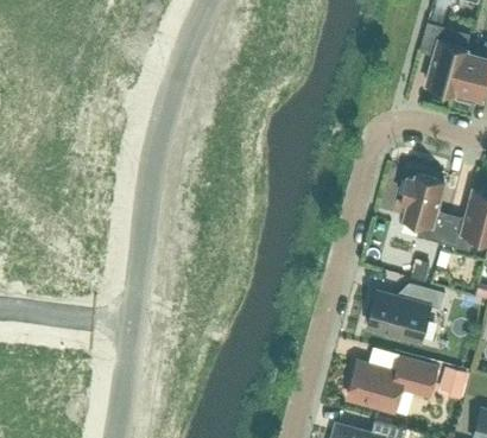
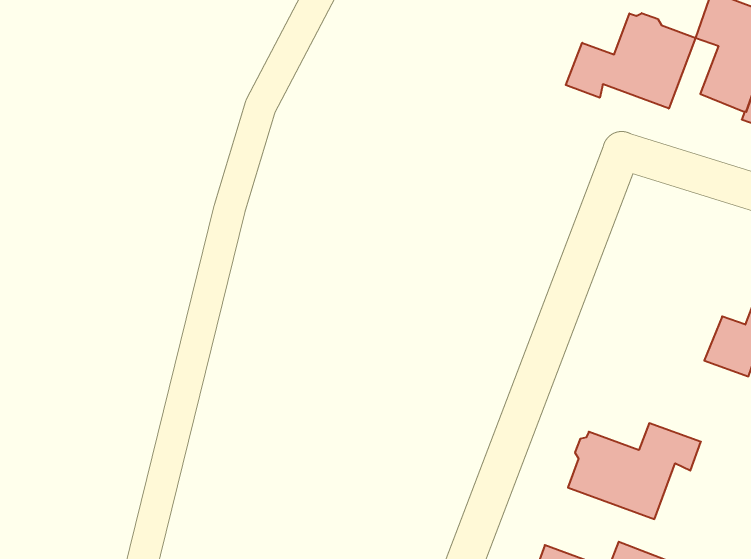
building: none -> [566,13,695,109]
building: [401,174,450,243] -> none

